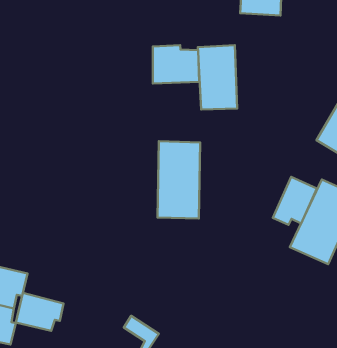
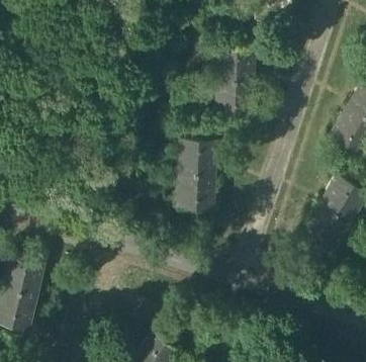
building: [153,45,199,83] -> none
building: [273,177,317,225] -> none
building: [16,293,64,331] -> none

